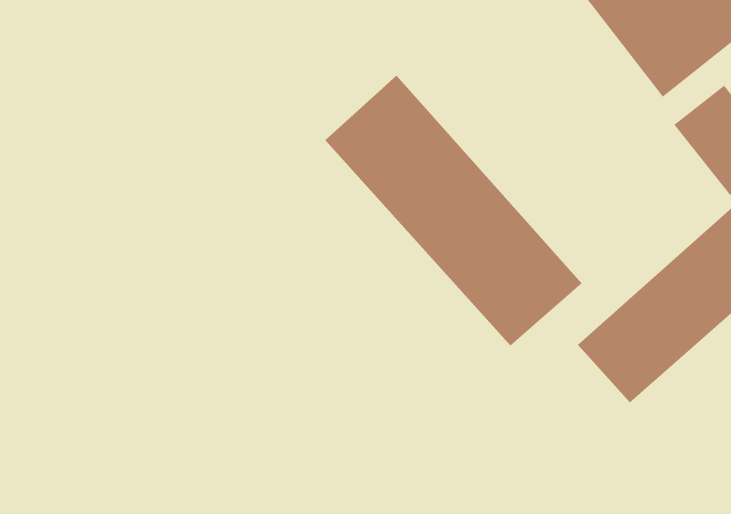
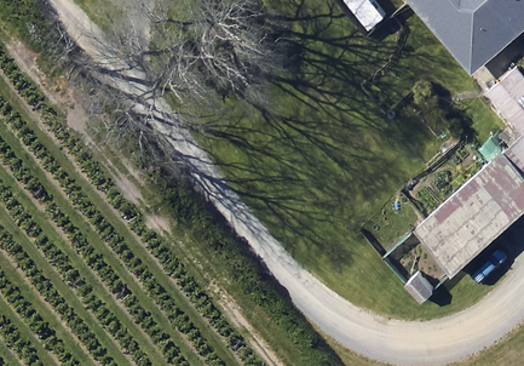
building: [324,75,582,347] -> none

